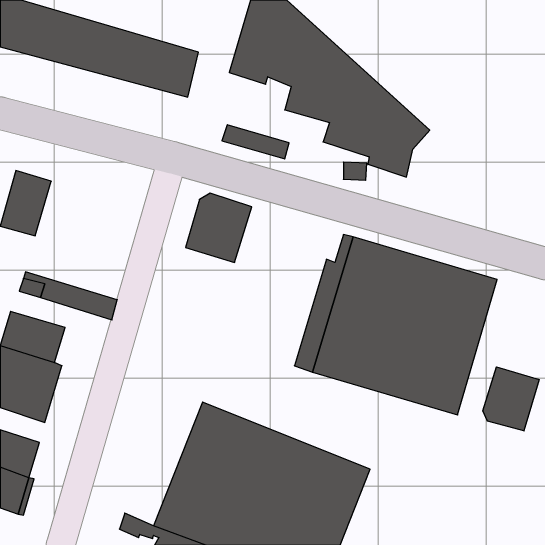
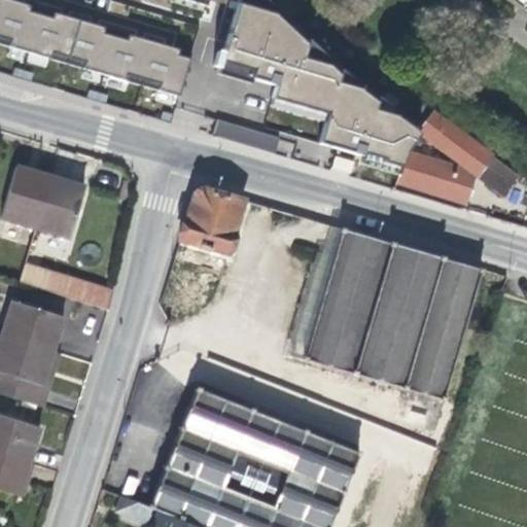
building: none -> [394,112,518,204]
building: none -> [34,175,84,238]
building: [483,367,539,431] -> none

